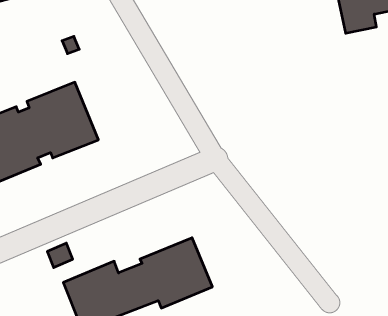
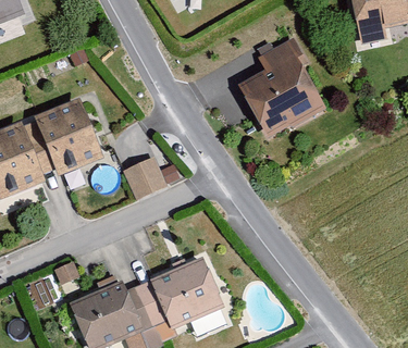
building: none -> [236,44,324,142]
building: none -> [123,154,166,197]

